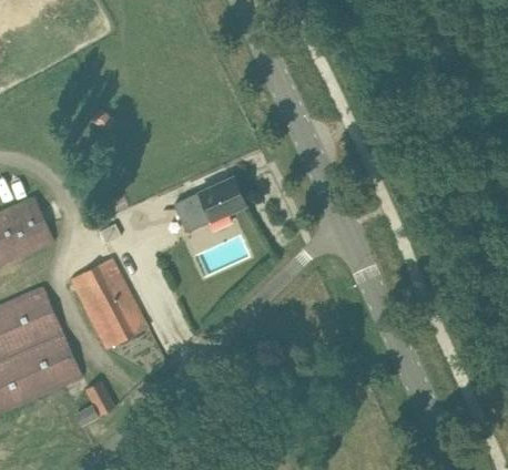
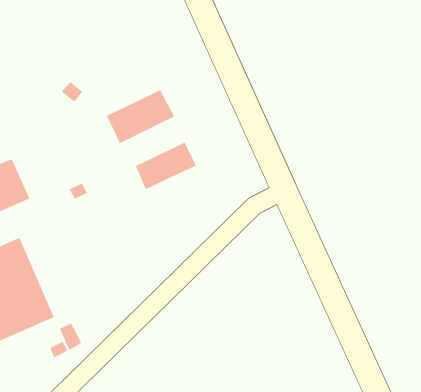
building: none -> [106,89,175,144]
building: [69,258,148,349] -> none

